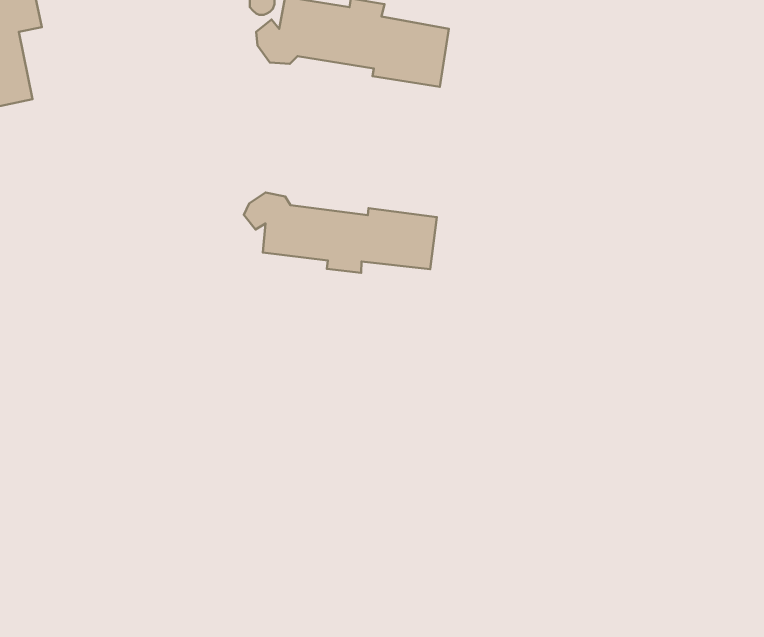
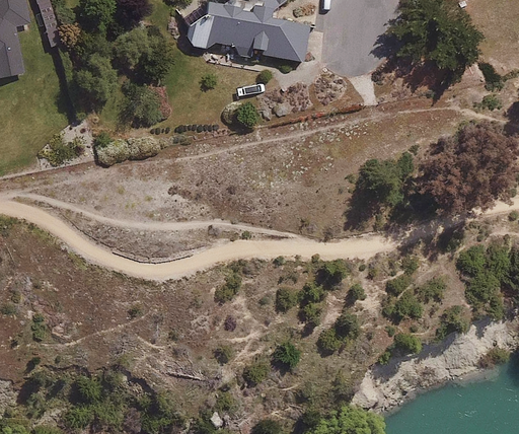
building: [244,192,437,273] -> none

